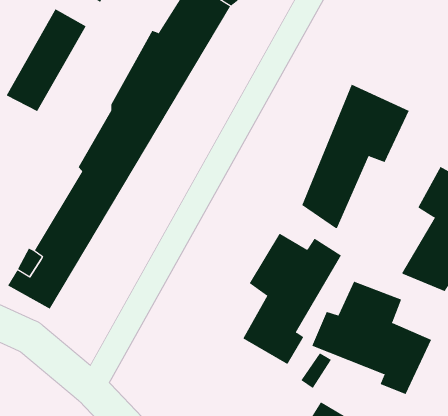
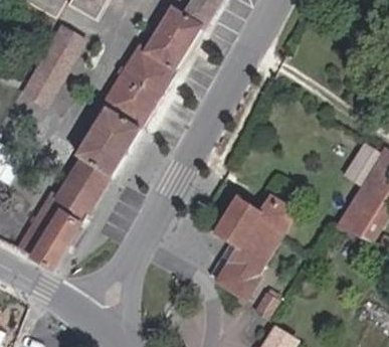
building: [302,84,409,229] -> none
building: [311,281,432,395] -> none

